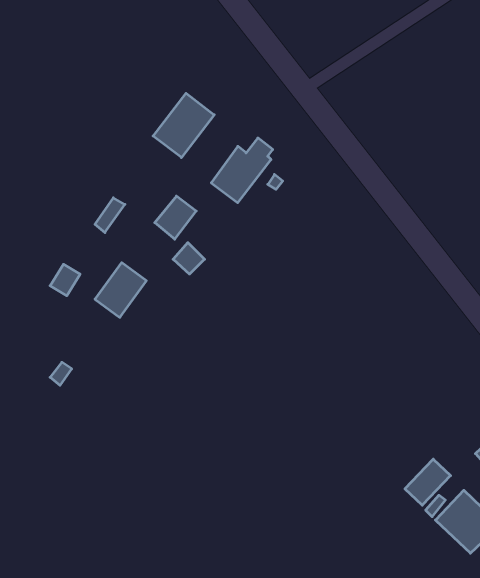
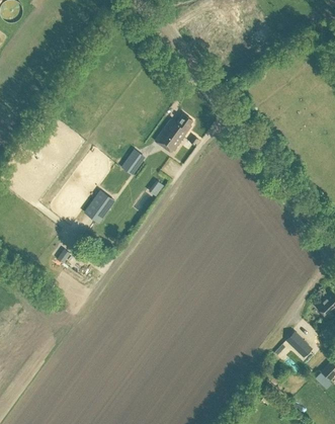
building: [153,93,214,158] -> none
building: [405,459,451,505] -> none

